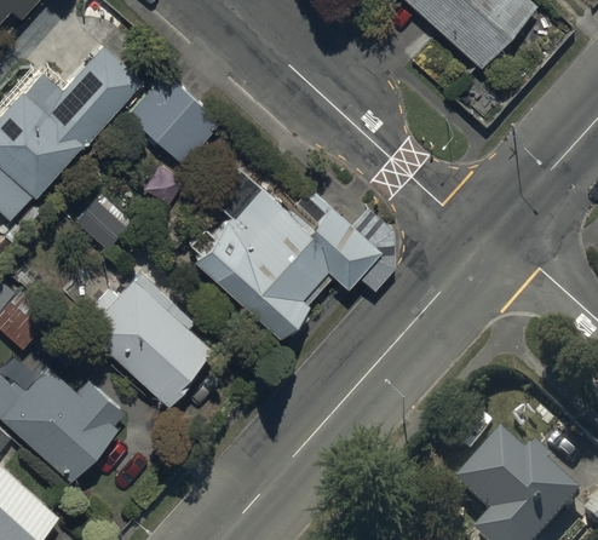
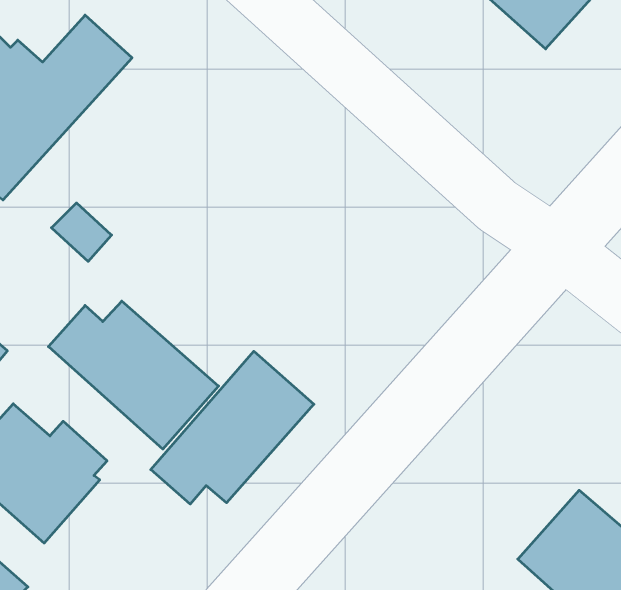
building: [125,76,219,170] -> none
building: [197,173,379,334] -> none
building: none -> [151,351,314,504]

